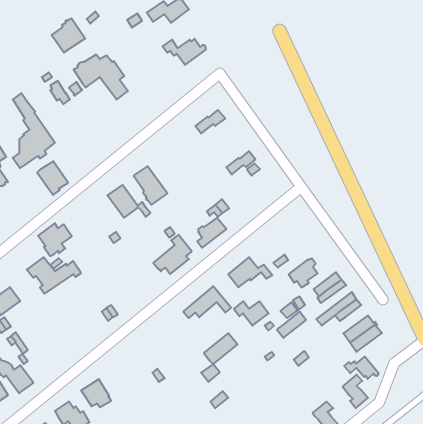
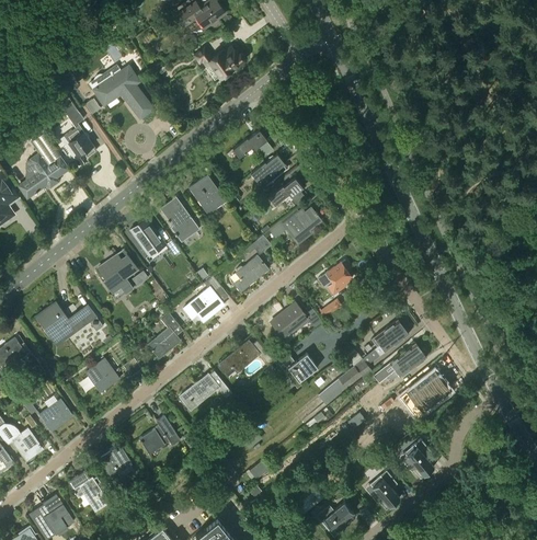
building: [52,18,85,53] -> none
building: none -> [251,154,287,184]
building: none -> [188,174,226,215]
building: [37,161,68,195] -> [60,126,96,165]
building: none -> [270,208,321,244]
building: [38,223,72,256] -> [98,254,137,292]
building: [289,258,318,287] -> [318,261,352,295]
building: none -> [148,311,183,358]
building: none -> [85,358,119,392]
building: [204,333,238,364] -> [180,374,219,410]
building: none -> [38,399,72,430]
building: none -> [139,415,180,455]
building: [344,357,378,379] -> none

